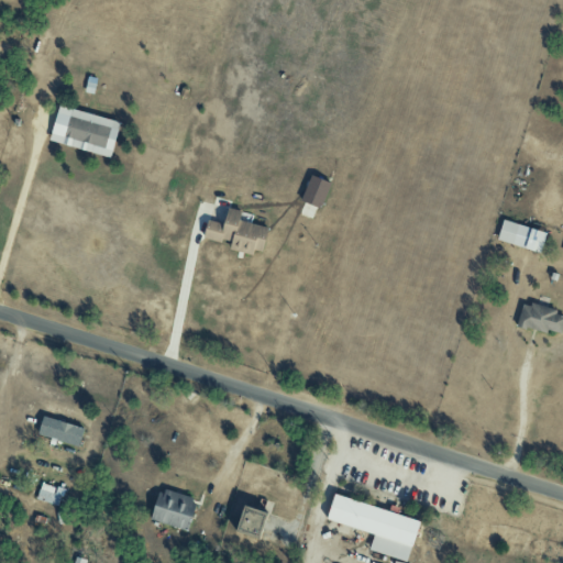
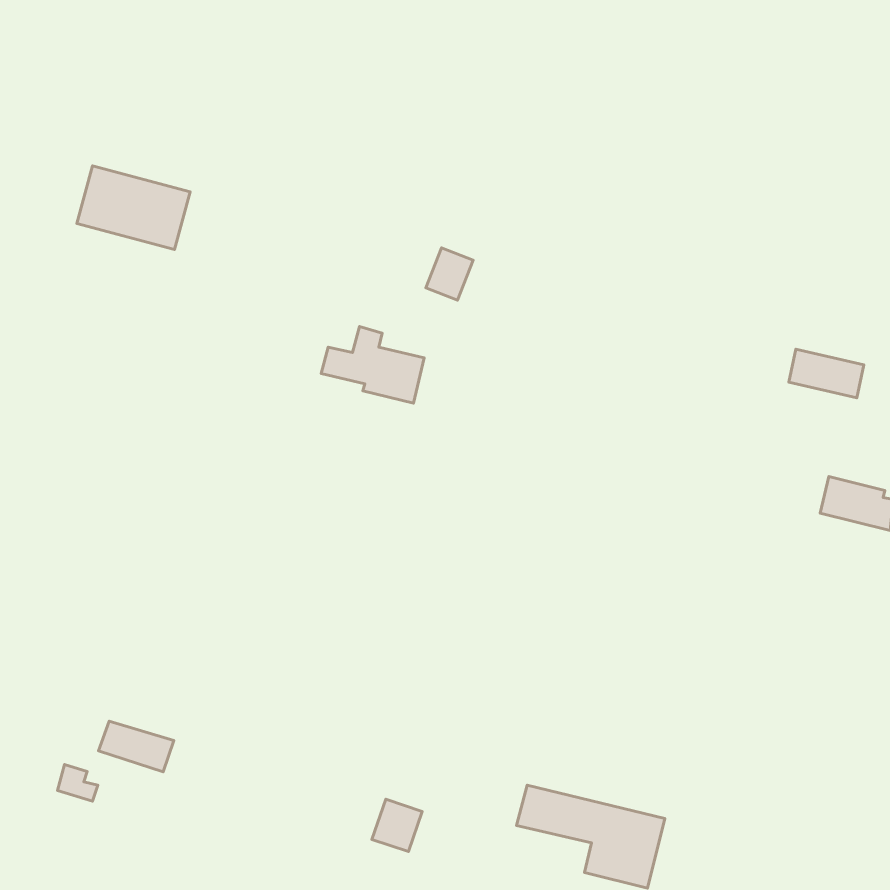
building: [301,174,331,207] -> [426,248,473,300]
building: [37,415,85,446] -> [99,721,174,772]
building: [151,487,197,530] -> none

